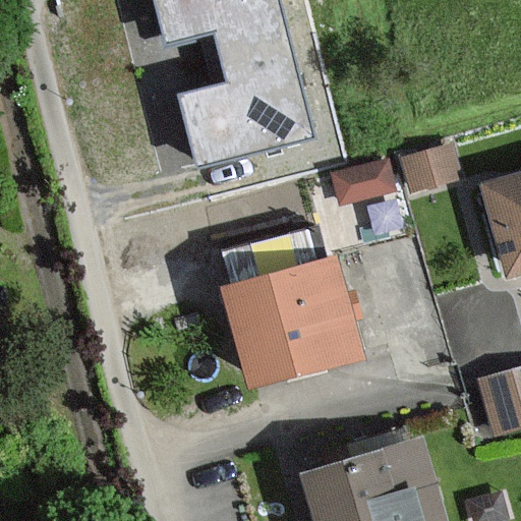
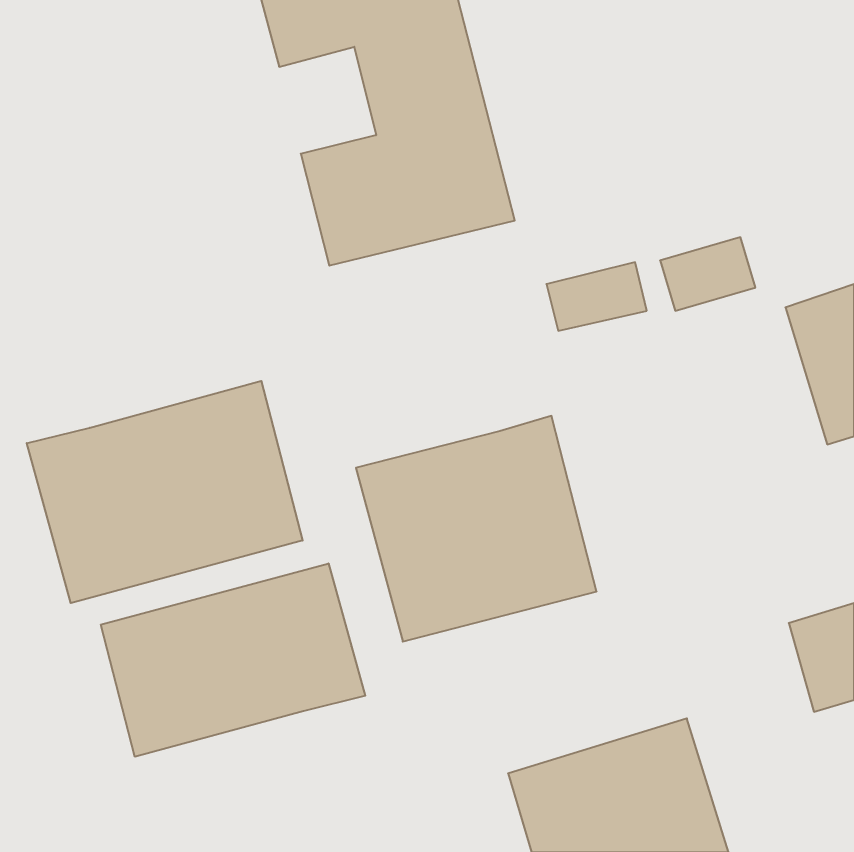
building: none -> [27,381,303,603]
building: none -> [101,563,365,757]

